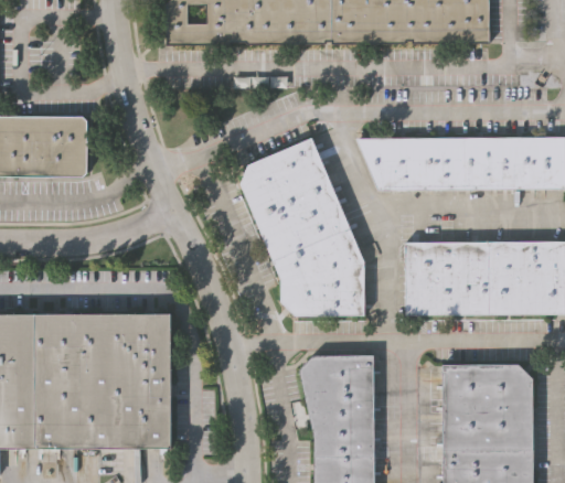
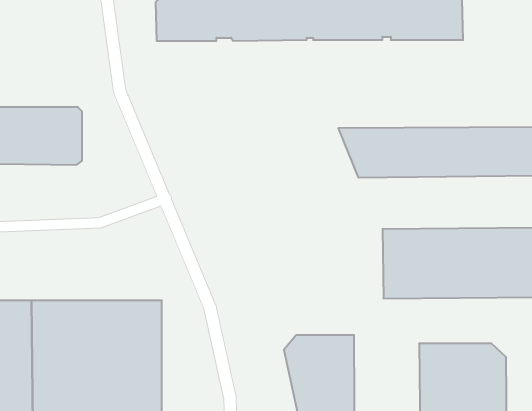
building: [239,137,364,315] -> none

